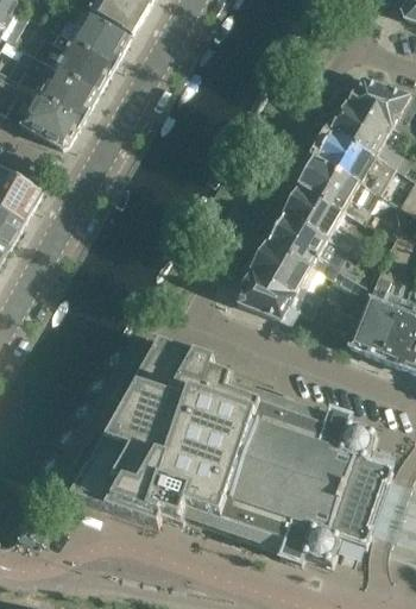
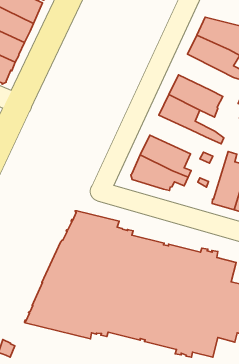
building: [316,127,395,193] -> none
building: [267,212,347,276] -> none

